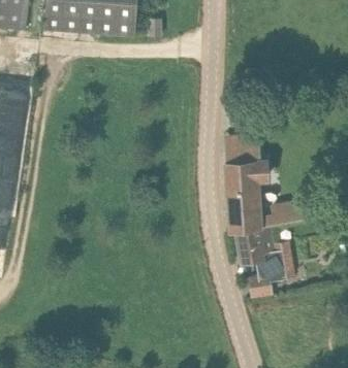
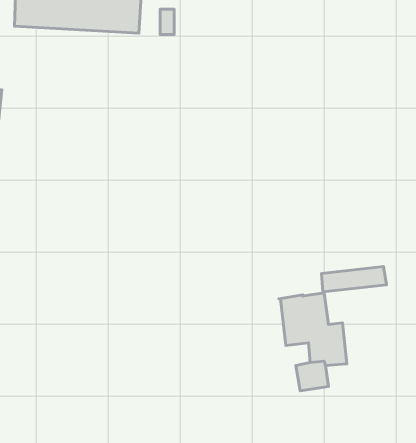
building: [229,138,270,231] -> none

